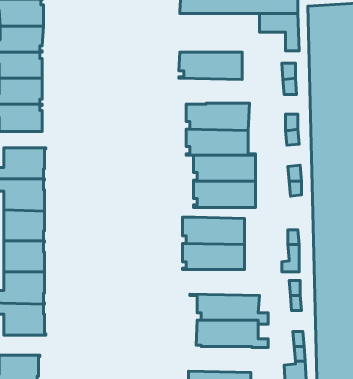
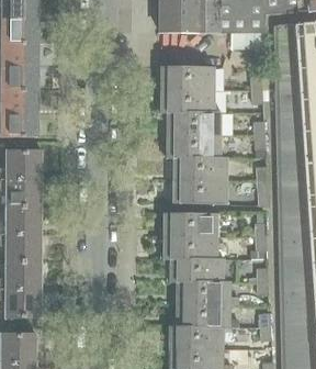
building: none -> [159,89,215,112]
building: none -> [162,258,230,281]
building: none -> [168,325,224,349]

